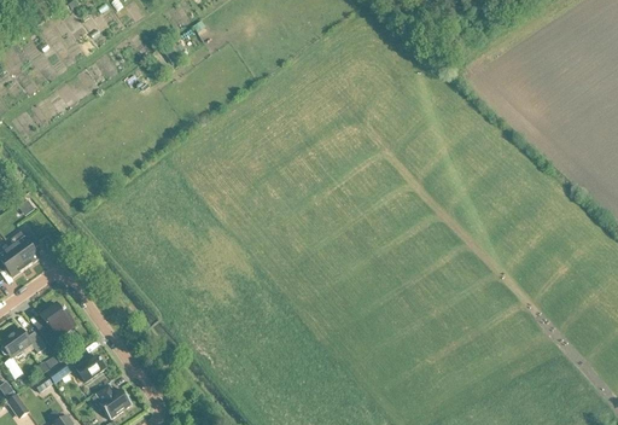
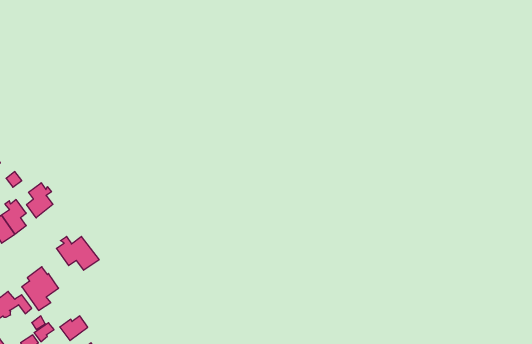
building: none -> [27,183,53,218]
building: none -> [56,236,99,270]

